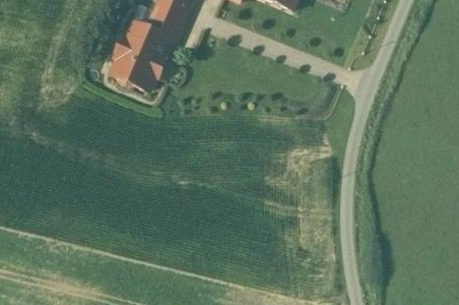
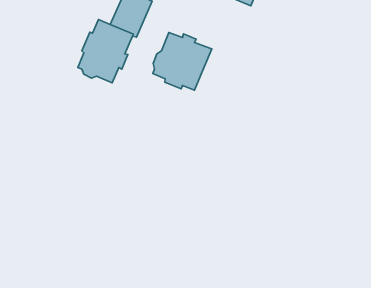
building: none -> [153,32,212,90]

